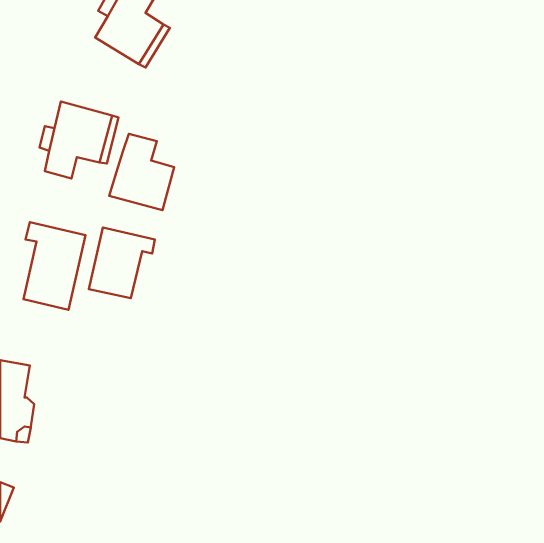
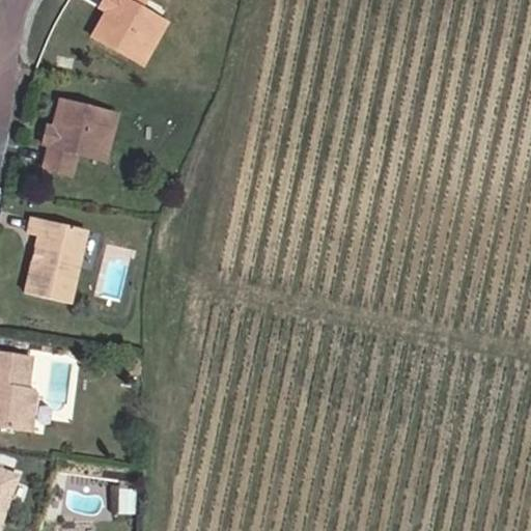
building: [109,134,174,210] -> none
building: [89,228,155,298] -> none

